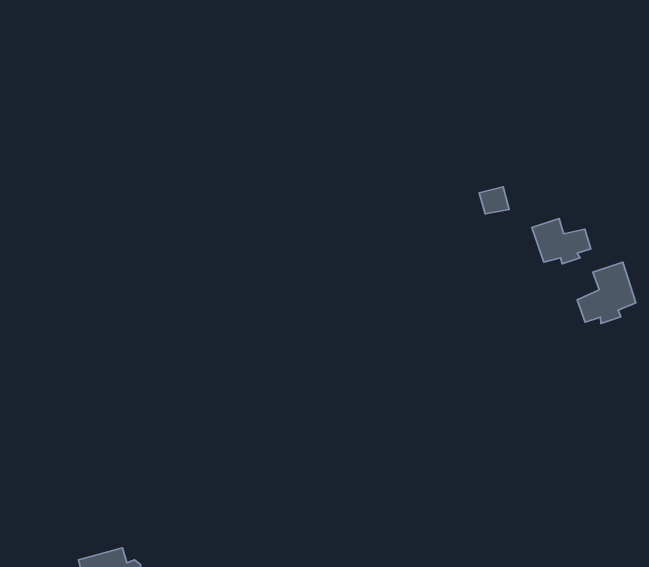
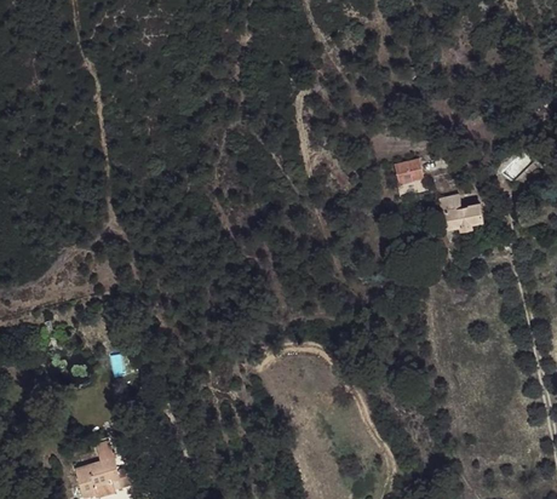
building: [577,262,636,323] -> none

